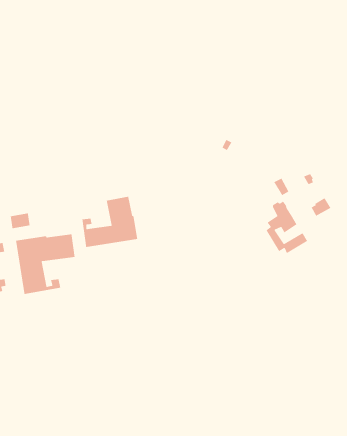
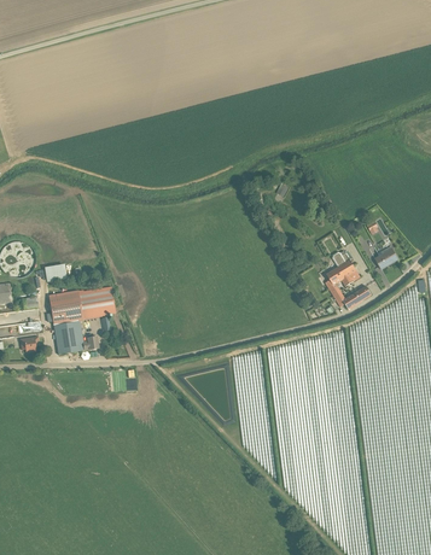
building: [81,196,138,248] -> none

